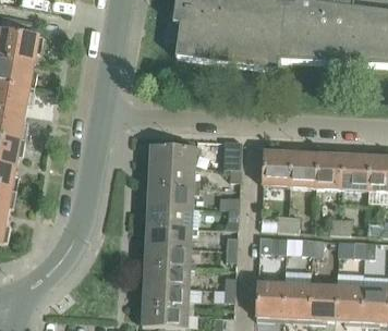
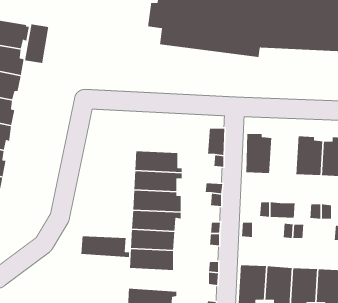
building: none -> [24,23,49,64]
building: [150,144,195,167] -> none
building: [288,148,316,189] -> none
building: [143,285,193,308] -> [81,235,130,258]

